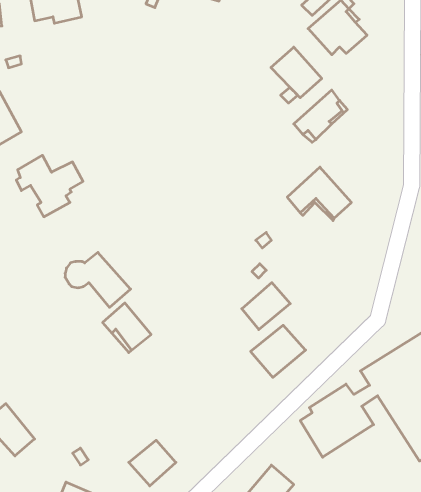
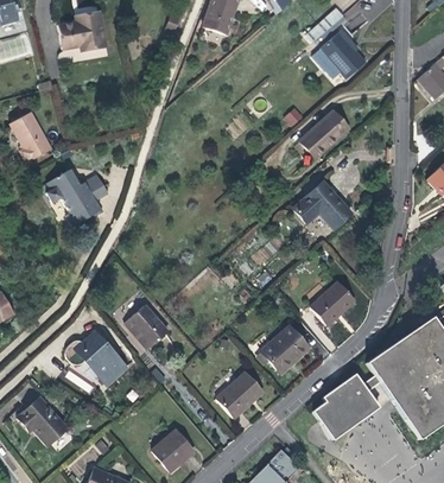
building: [271,47,322,98] -> none
building: [65,252,131,307] -> [66,331,126,381]
building: [242,283,290,330] -> [311,281,355,324]
building: none -> [213,367,261,415]

